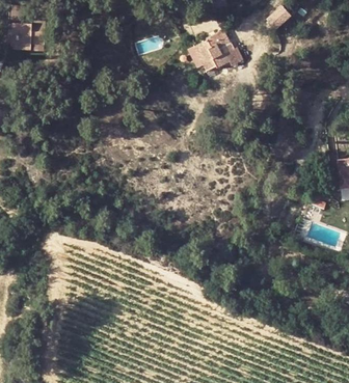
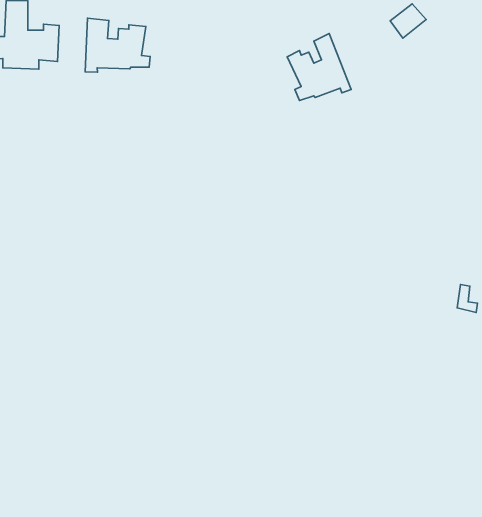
building: none -> [85,18,150,72]

